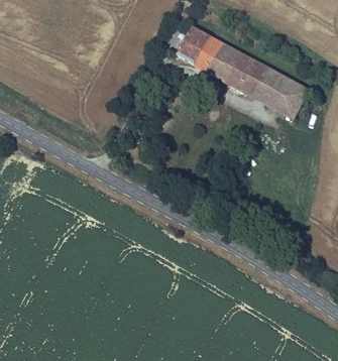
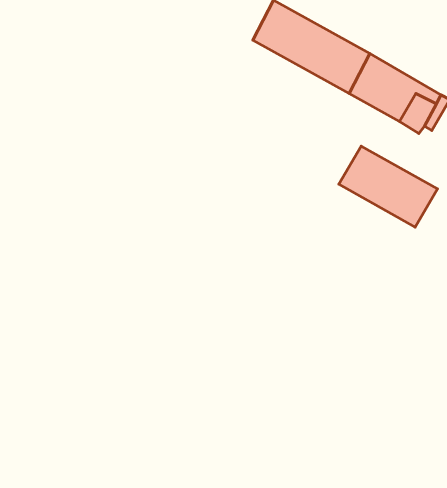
building: none -> [339,146,438,227]

